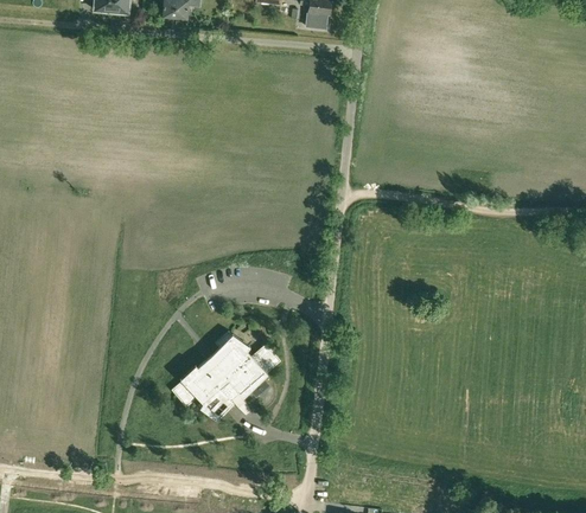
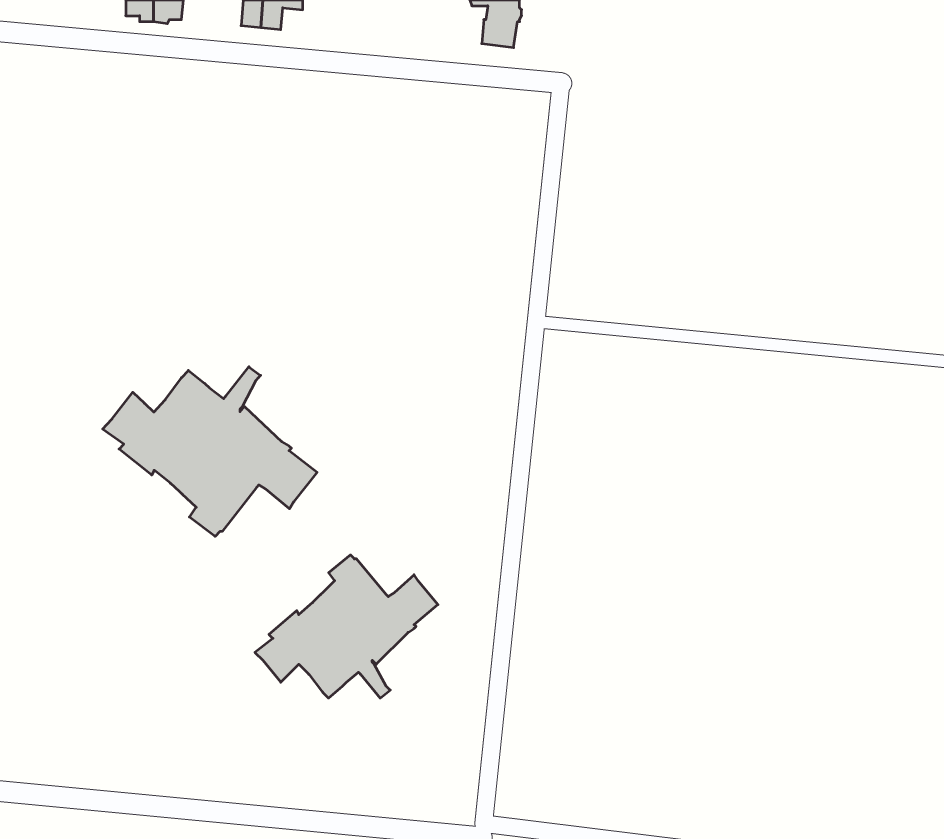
building: none -> [103,367,317,536]

